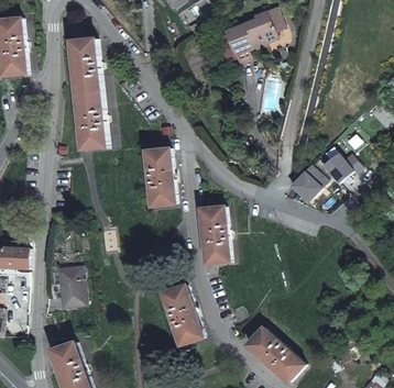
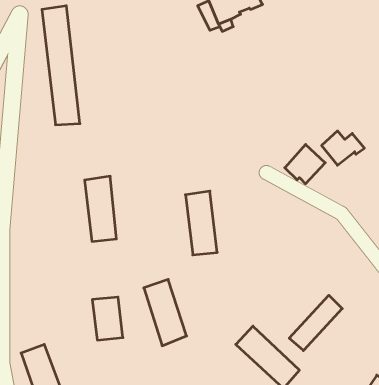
building: [146,147,175,206] -> [85,176,116,241]
building: [55,268,83,307] -> [92,297,123,340]
building: none -> [289,295,342,351]

